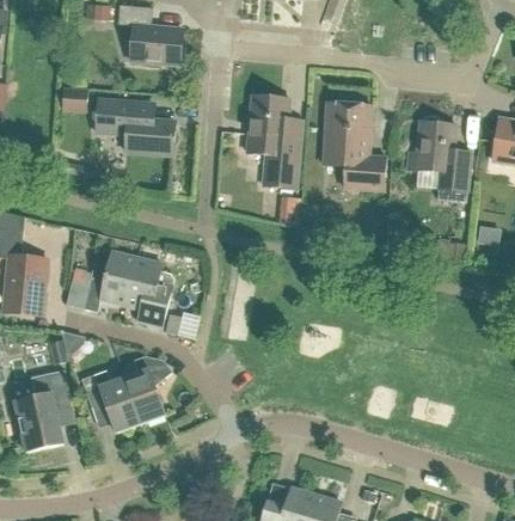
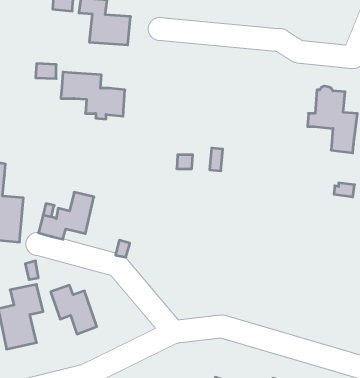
building: [246,94,299,188] -> none
building: [323,102,385,189] -> none
building: [125,257,171,326] -> none
building: [124,355,172,422] -> none

